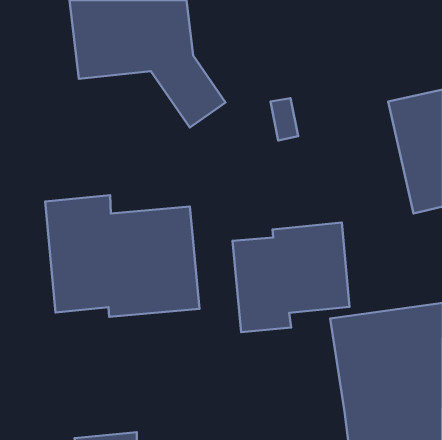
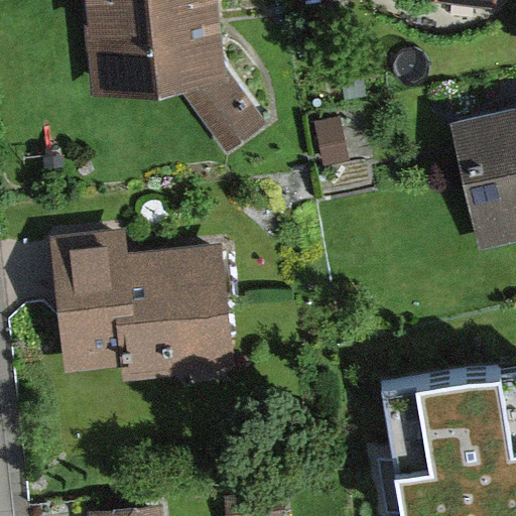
building: [233,223,350,332] -> none

